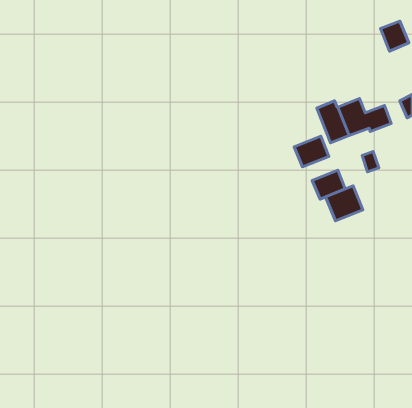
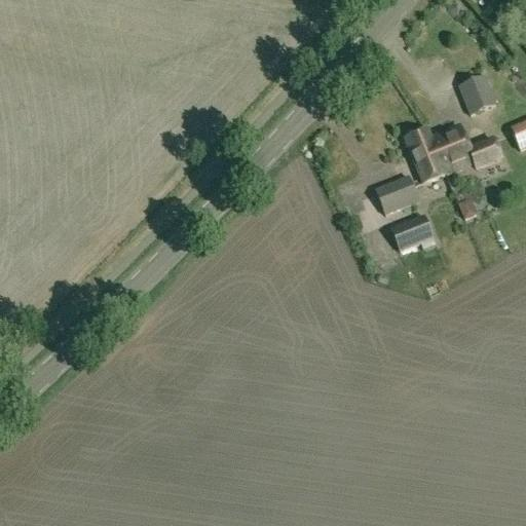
building: [381,21,409,51] -> [458,76,494,114]
building: [326,186,363,221] -> none

